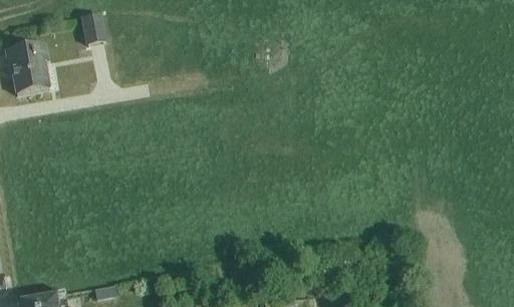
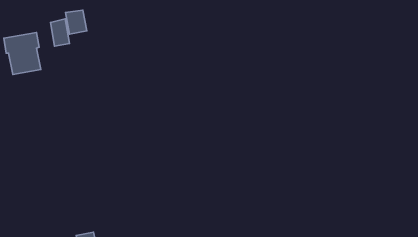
building: none -> [51,19,69,46]

